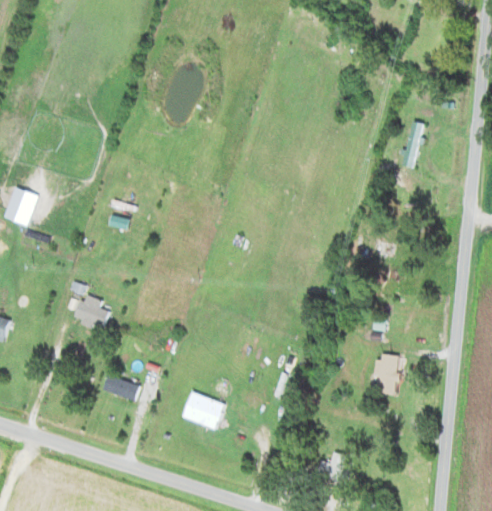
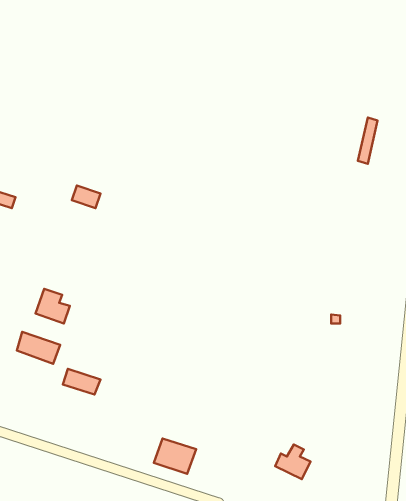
building: none -> [17,332,60,364]
building: [376,354,399,394] -> none
building: [182,393,225,429] -> [154,438,196,474]

